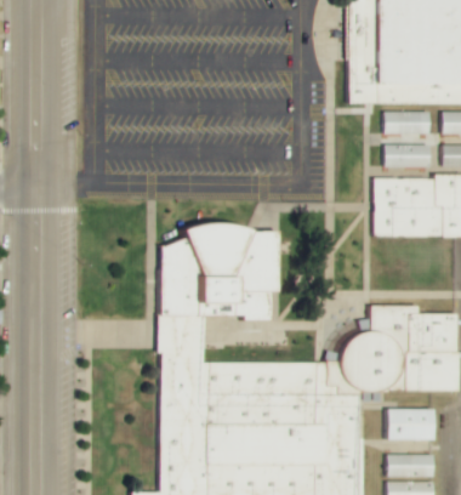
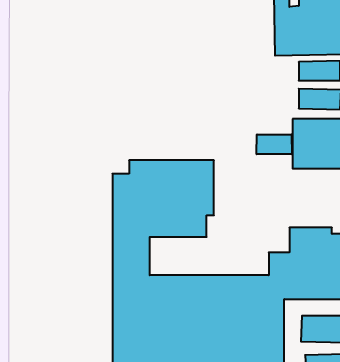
building: none -> [257,134,292,154]

